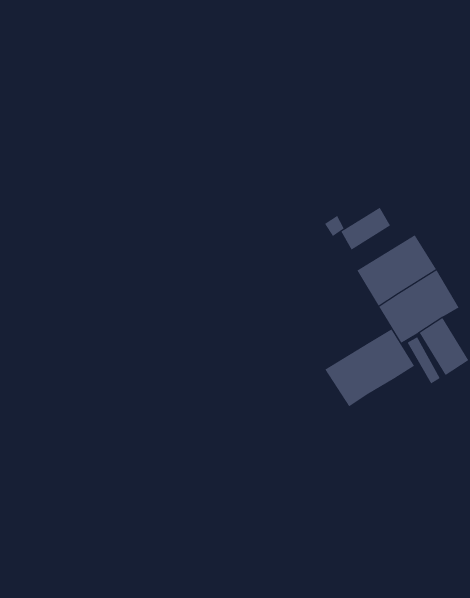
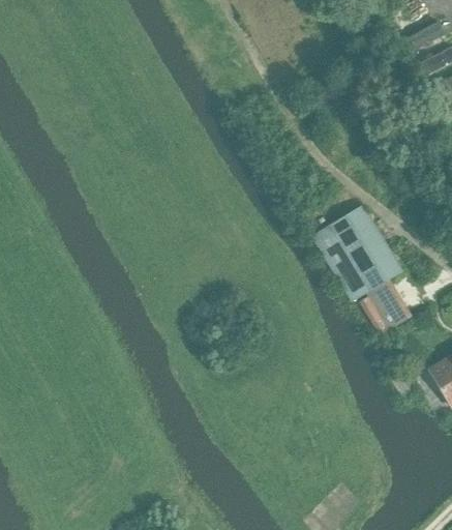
building: [341,207,391,250] -> none
building: [325,329,415,407] -> none

